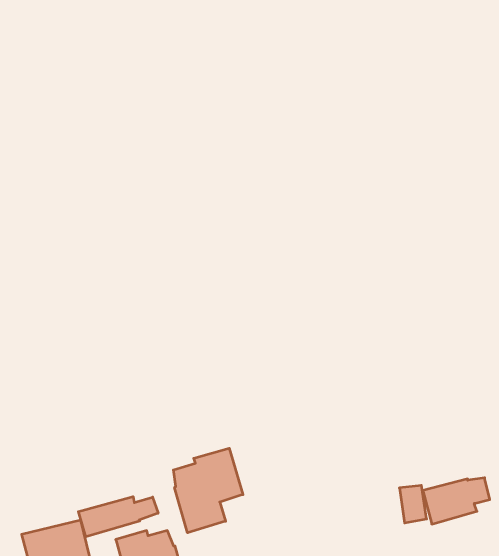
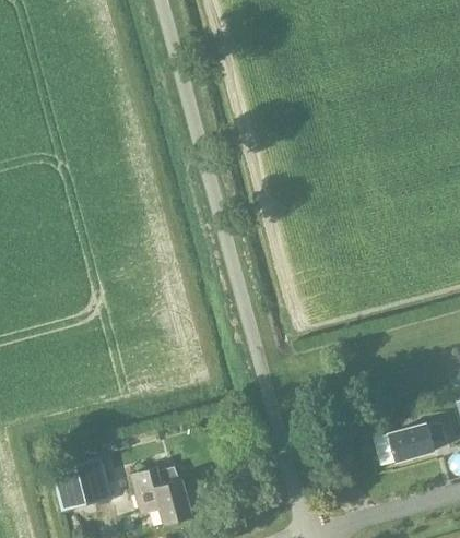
building: [173,448,243,533] -> none
building: [78,497,158,537] -> none

